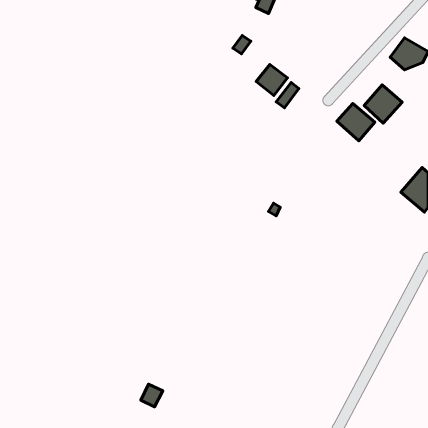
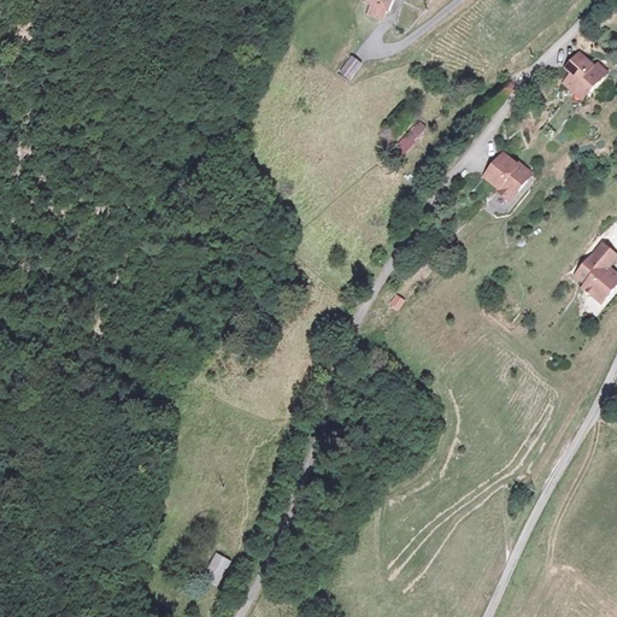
building: [256,65,287,95] -> none
building: [364,85,402,123] -> none

